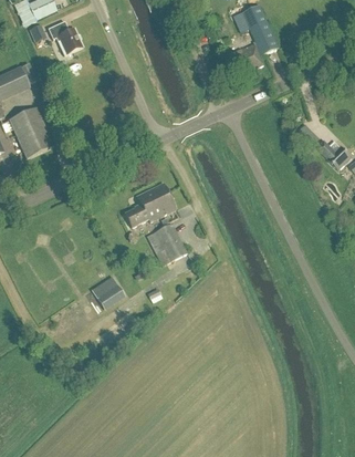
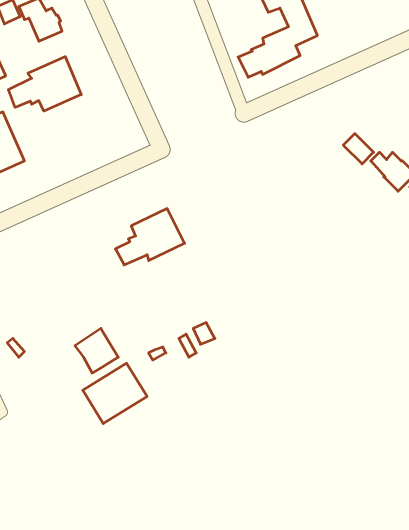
building: none -> [8,57,81,111]
building: [147,224,188,266] -> none
building: none -> [83,363,147,424]

